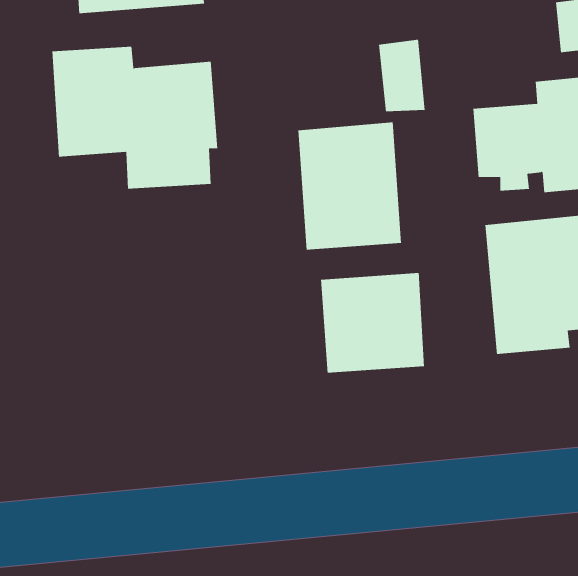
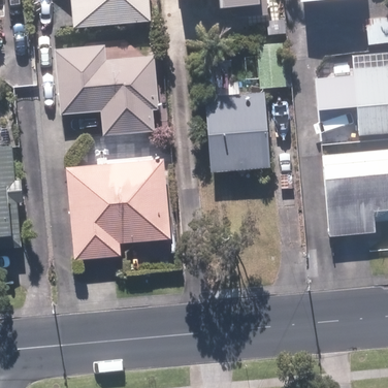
building: none -> [68,154,168,258]
building: [320,272,424,374] -> none

